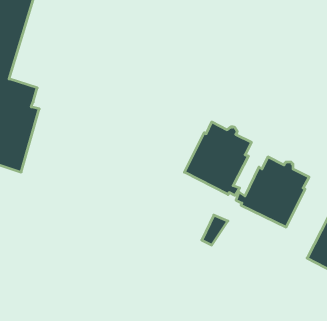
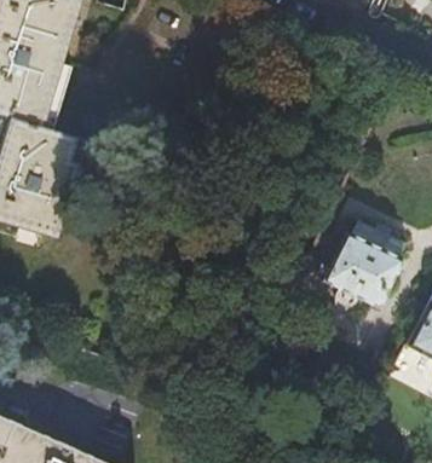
building: [184,122,251,195] -> none

